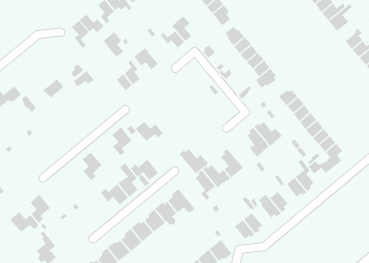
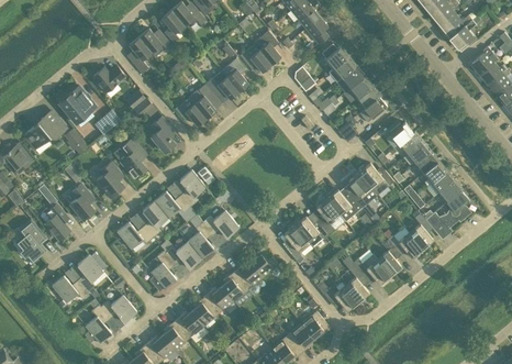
building: [103,31,124,57] -> [222,58,248,91]
building: none -> [92,66,125,92]
building: none -> [58,86,96,123]
building: none -> [152,118,176,152]
building: none -> [120,139,145,178]
building: none -> [96,162,123,197]
building: [135,121,164,142] -> [154,191,190,218]
building: none -> [69,184,94,220]
building: [179,148,208,174] -> [324,189,361,222]
building: none -> [45,203,69,240]
building: none -> [116,222,153,250]
building: none -> [149,251,176,289]
building: none -> [98,295,136,322]

